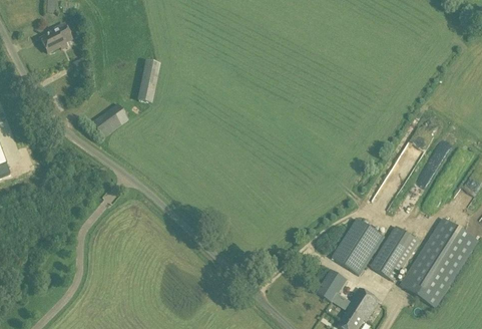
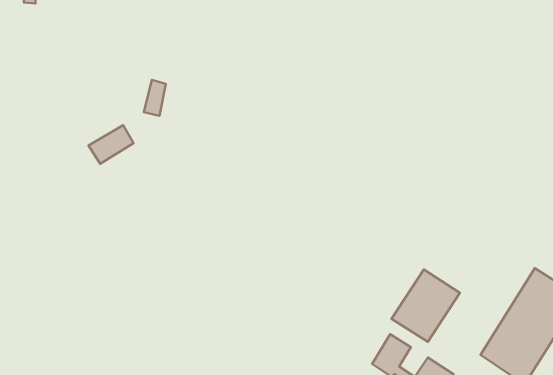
building: [39,23,70,51] -> none
building: [370,226,418,280] -> none

